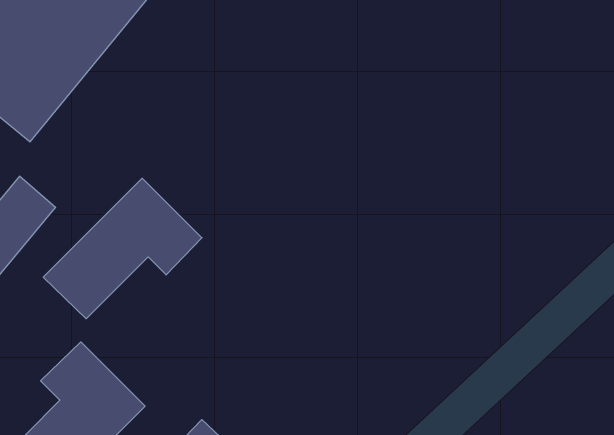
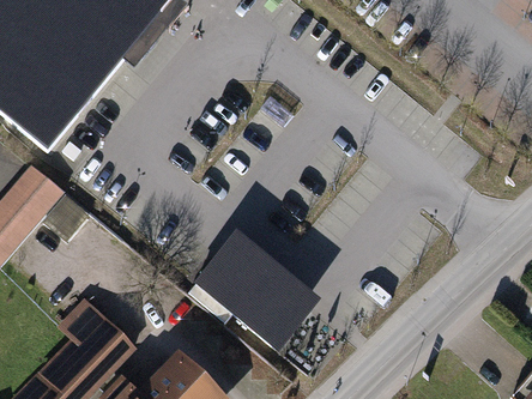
building: [43,178,202,319] -> none
building: none -> [188,230,321,358]

